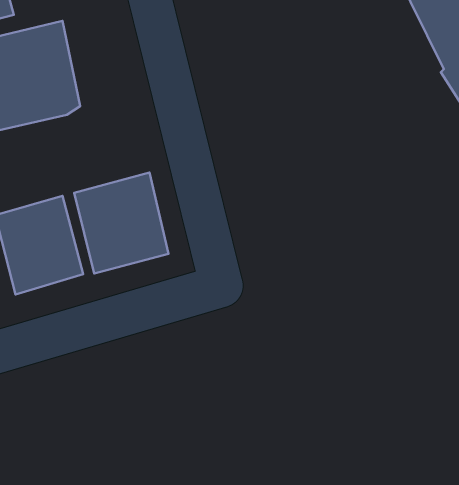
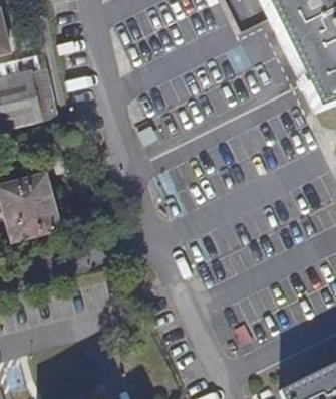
building: [74,172,168,273] -> none

